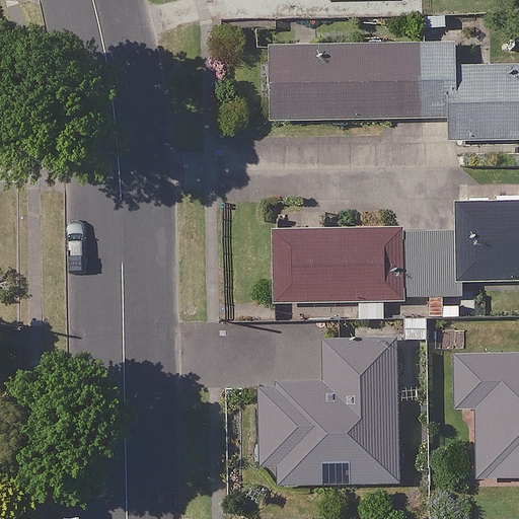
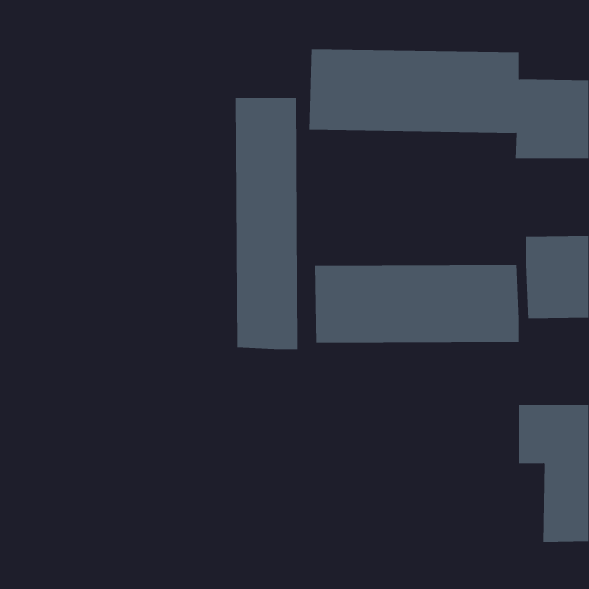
building: none -> [235,97,298,350]
building: [256,341,398,484] -> none

